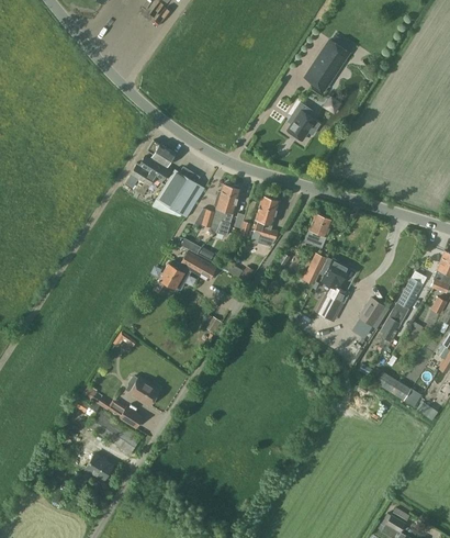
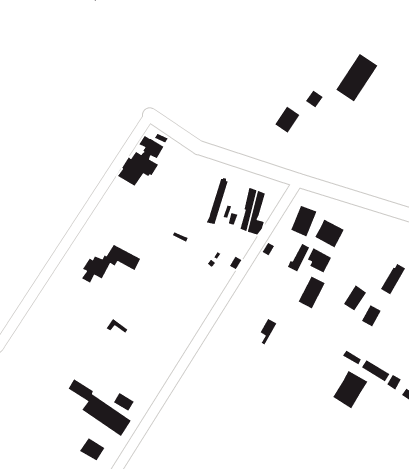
building: [305,40,350,91] -> [335,53,378,103]
building: [157,168,198,213] -> none
building: [195,184,233,227] -> none
building: none -> [314,219,345,248]
building: [154,253,216,294] -> [81,244,141,284]
building: [130,379,160,406] -> none
building: none -> [332,370,368,409]

